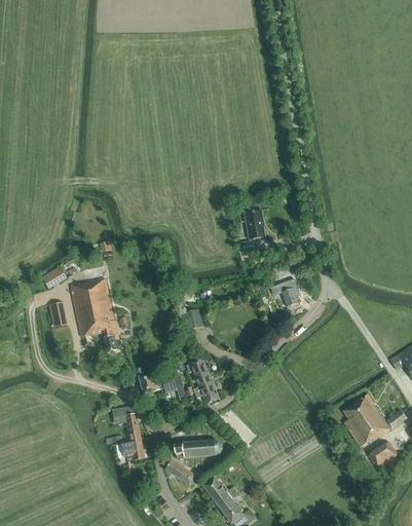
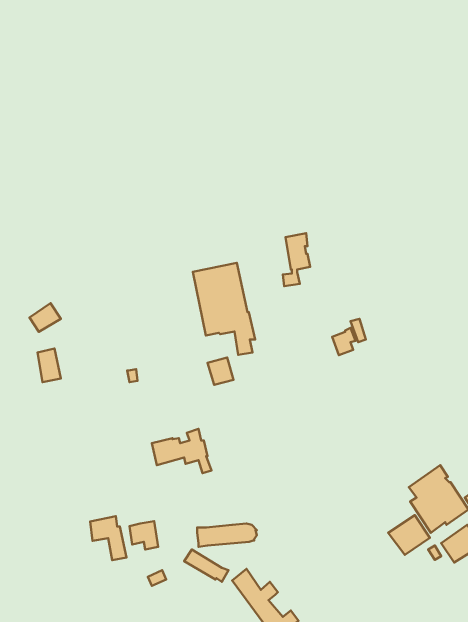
building: [70,278,119,351] -> [193,263,255,355]
building: [186,360,218,403] -> none
building: [112,405,141,440] -> [90,516,126,560]
building: none -> [388,515,430,555]

